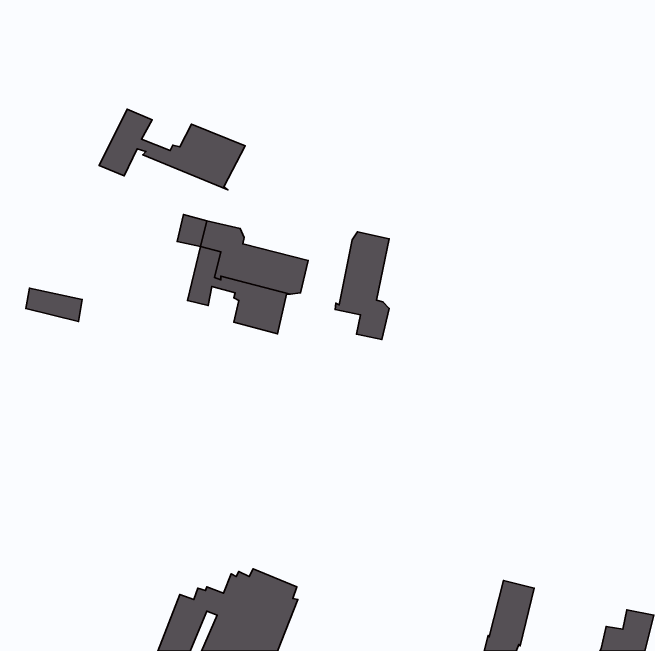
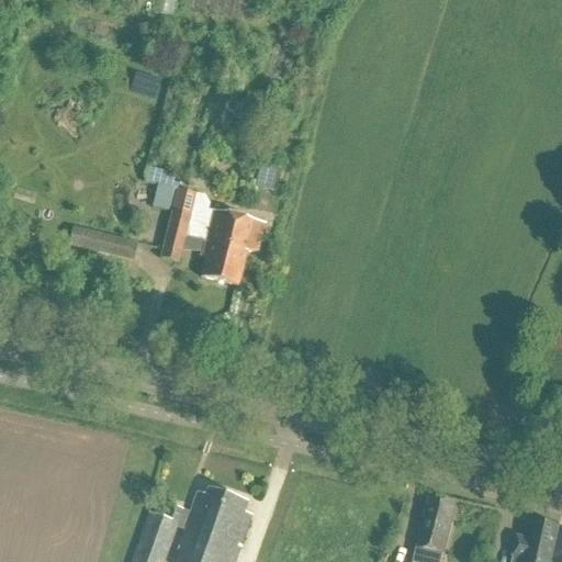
building: [99,109,245,190] -> none
building: [335,232,389,340] -> none
building: [26,288,82,321] -> [69,228,117,257]

